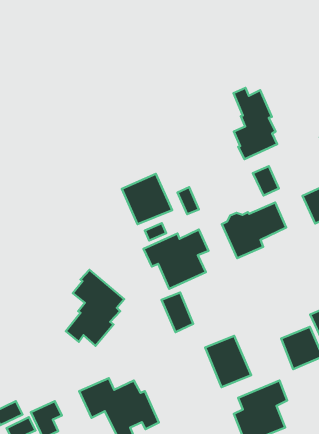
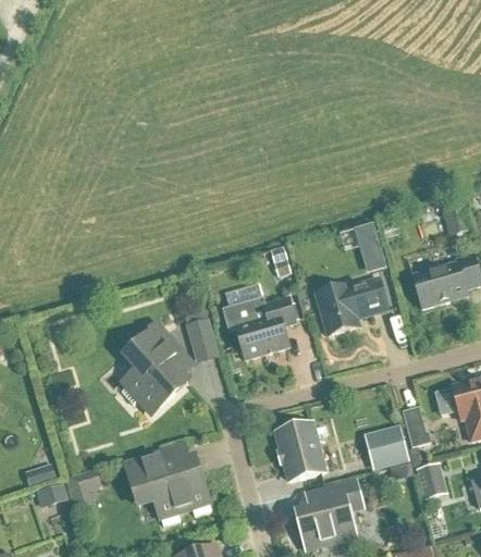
building: [233,88,277,159] -> none
building: [122,174,172,224] -> none
building: [161,292,193,332] -> [186,318,219,362]

